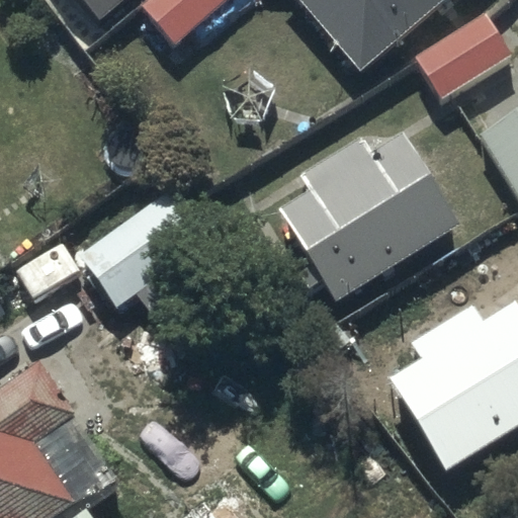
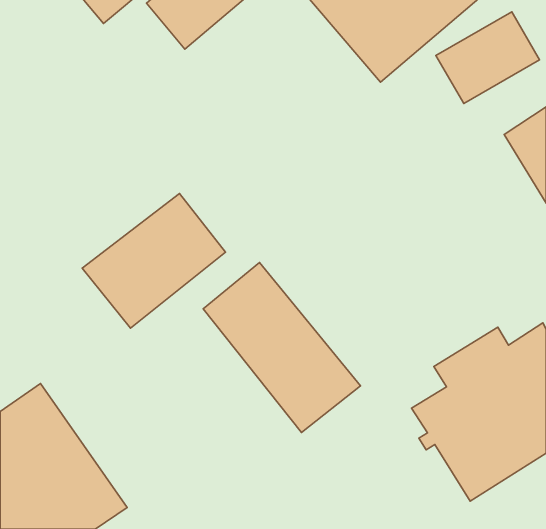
building: [279,137,463,307] -> none
building: none -> [203,263,360,432]

